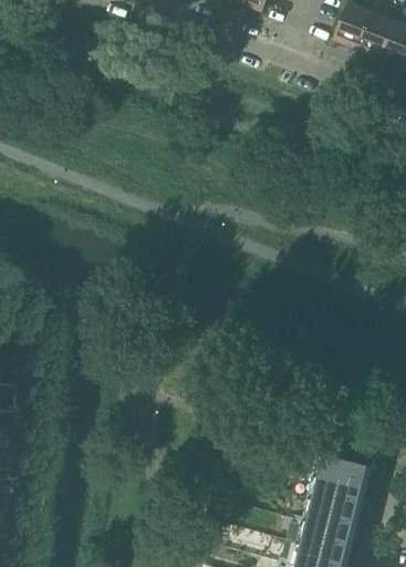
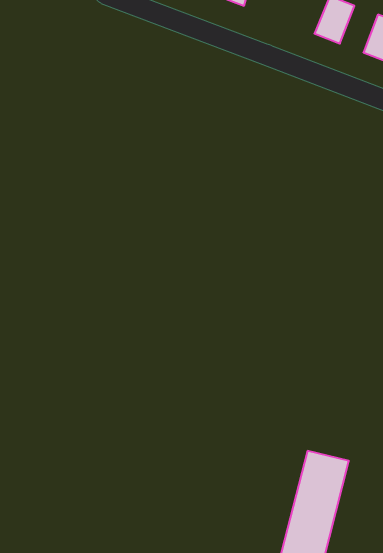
building: [358,10,396,56] -> none

